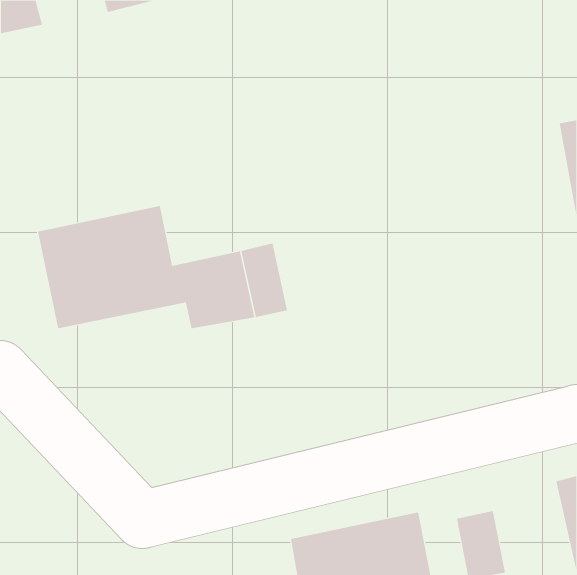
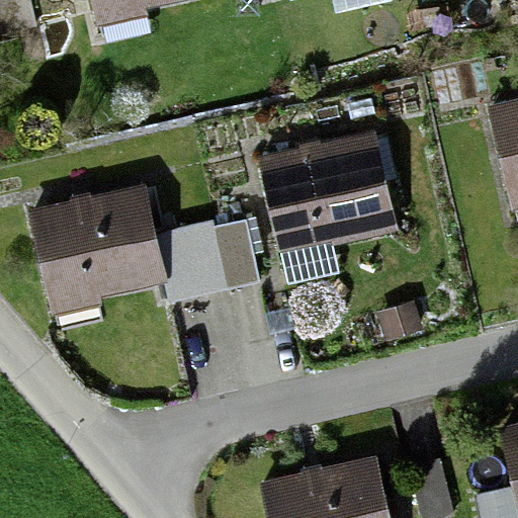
building: none -> [279,151,386,243]

